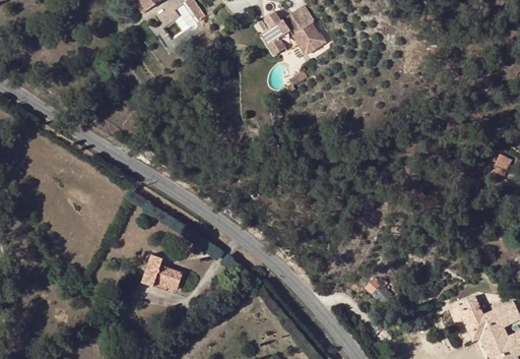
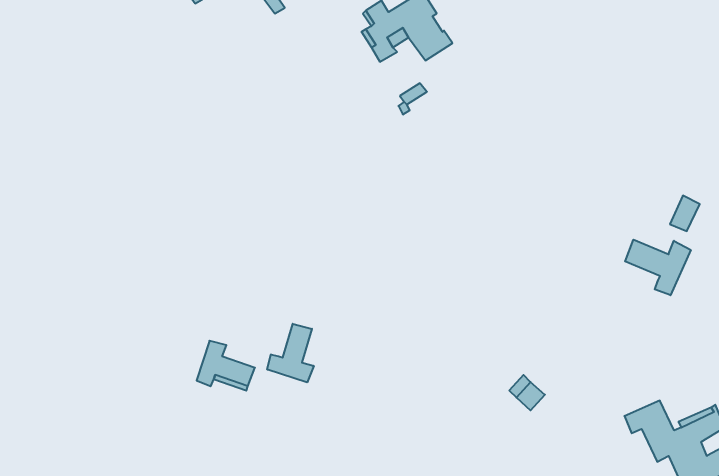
building: none -> [625,240,691,295]
building: none -> [267,324,314,382]

